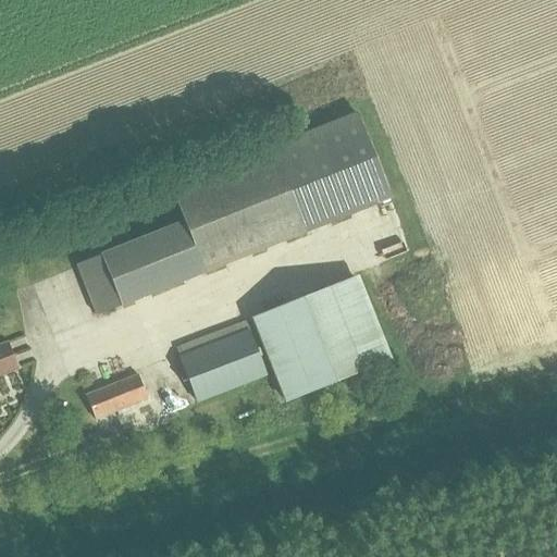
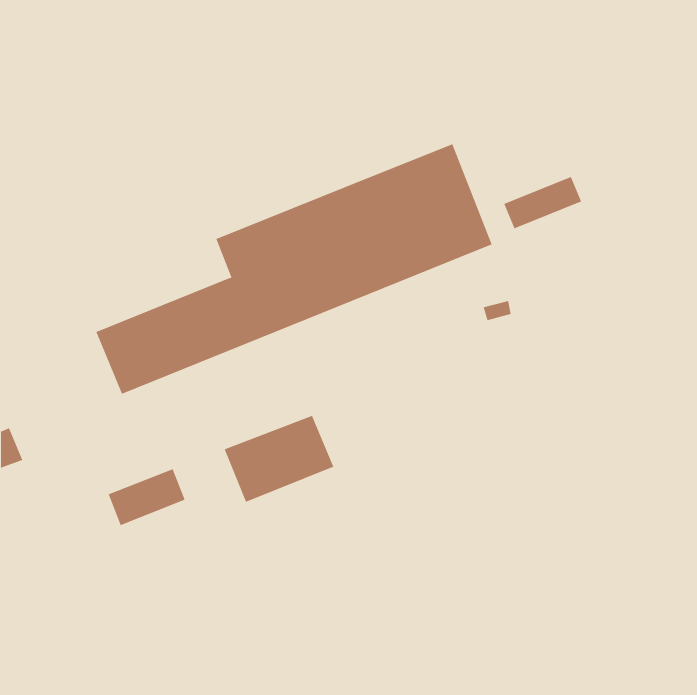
building: none -> [504,176,582,229]
building: [252,275,388,398] -> none

